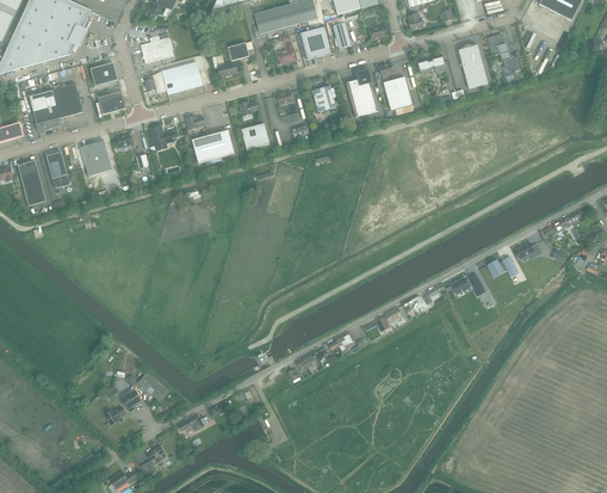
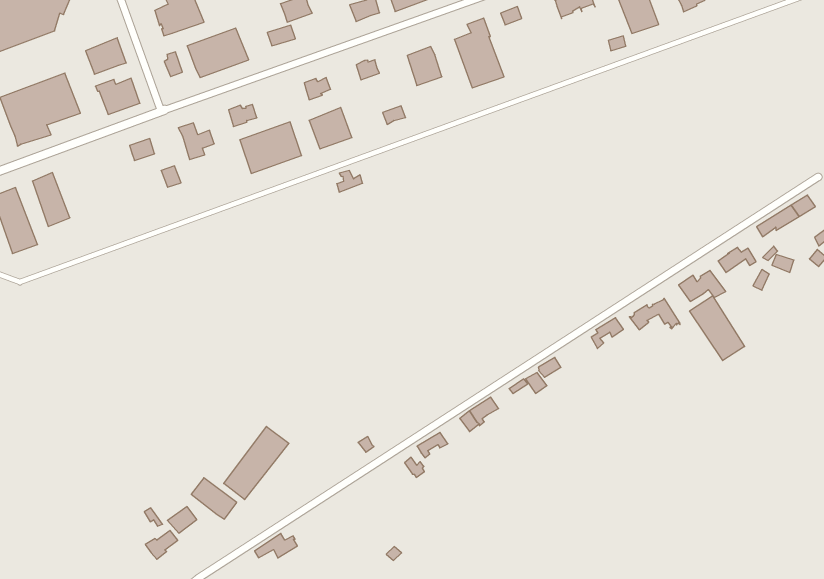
building: [383,75,411,110] -> none
building: [81,140,112,175] -> none
building: none -> [690,296,745,361]
building: none -> [224,426,289,500]

